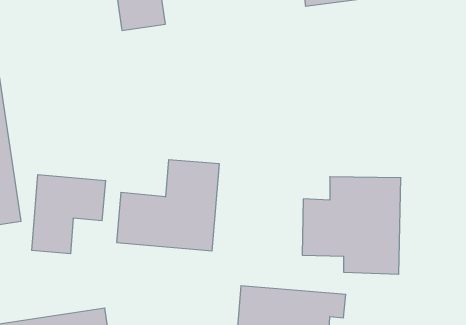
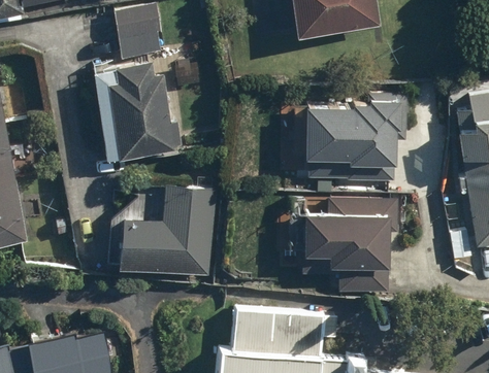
building: none -> [107,64,176,156]
building: none -> [295,97,394,185]
building: [32,175,105,254] -> none

